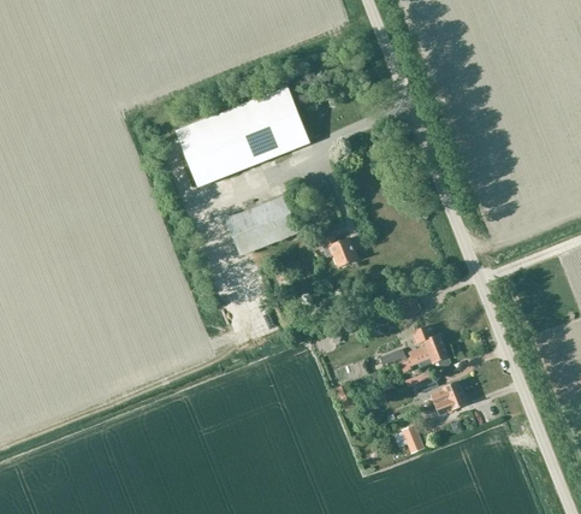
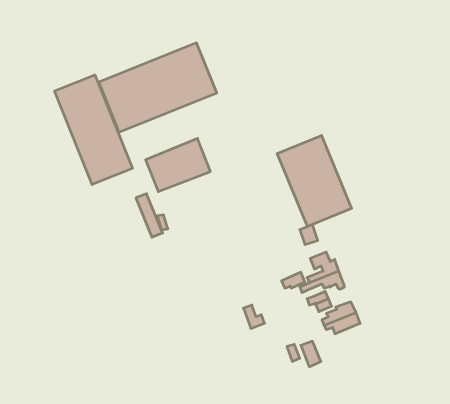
building: none -> [55,75,132,185]
building: none -> [277,135,352,227]
building: [321,236,358,267] -> none

